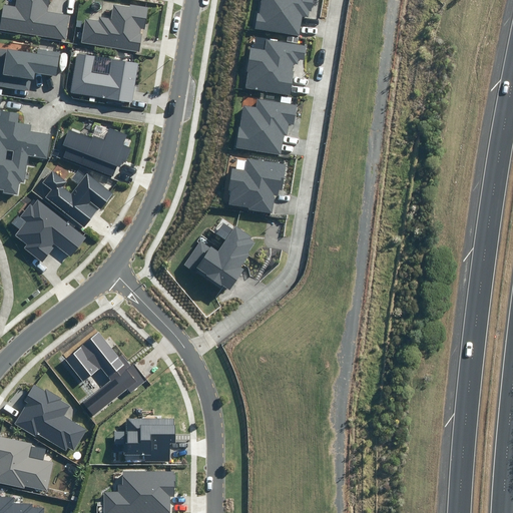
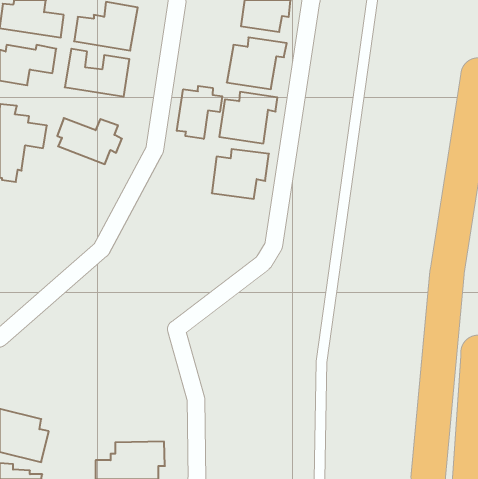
building: none -> [177,86,222,139]
building: [40,168,111,226] -> none
building: [13,200,84,263] -> none
building: [185,223,256,293] -> none
building: [73,333,144,415] -> none
building: [14,385,85,450] -> none
building: [113,418,174,462] -> none

